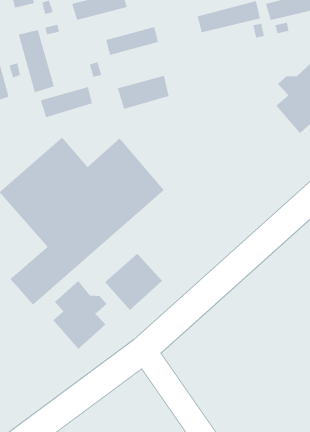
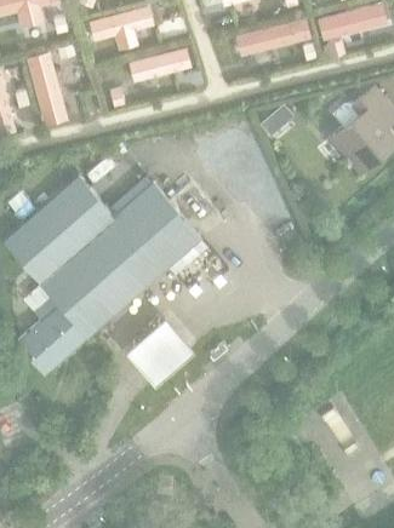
building: [117,75,169,110] -> none
building: [40,86,93,118] -> none
building: [52,280,108,350] -> none

